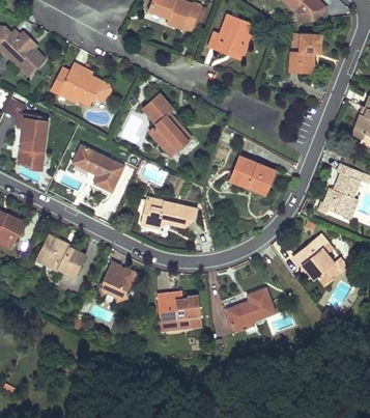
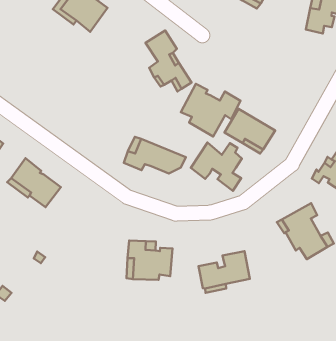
building: [17,114,48,168] -> none
building: none -> [181,84,240,137]
building: [70,144,124,192] -> none
building: none -> [191,143,242,191]
building: [98,260,139,300] -> none

